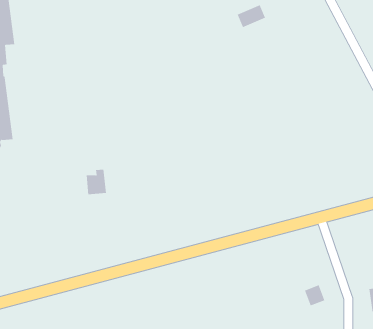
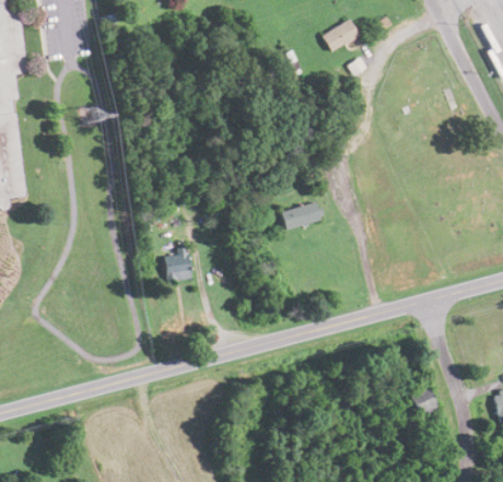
building: none -> [278,200,319,231]
building: [86,169,107,195] -> [162,247,189,281]

